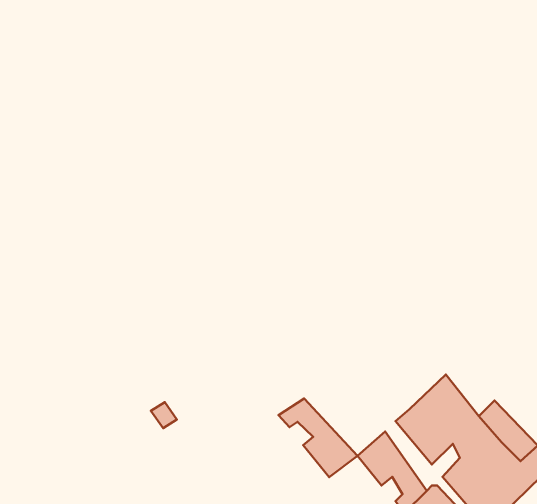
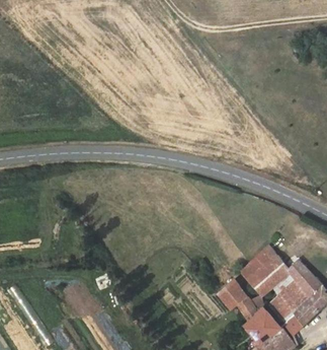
building: [279,399,357,477] -> none

